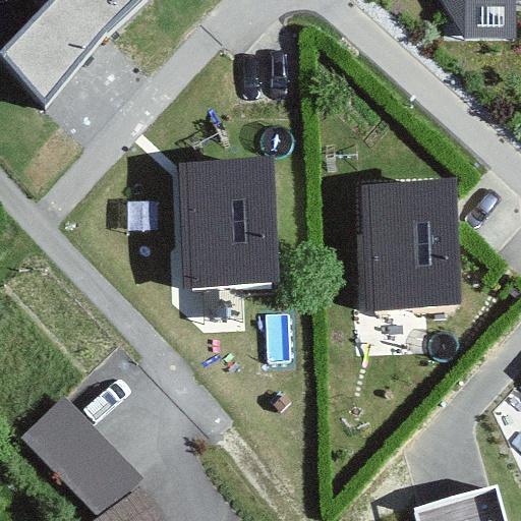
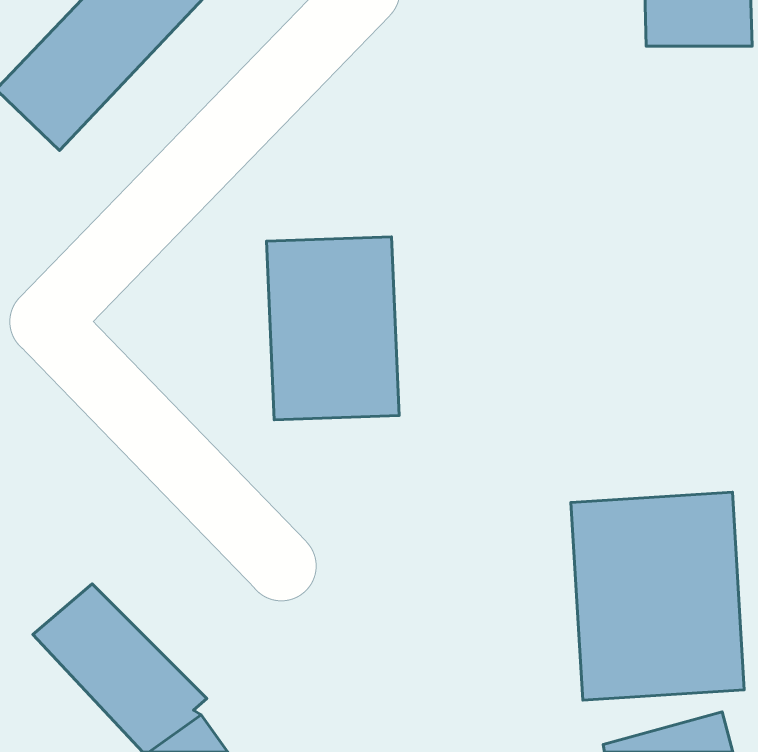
building: [359,182,460,305] -> none
building: none -> [571,492,744,700]

